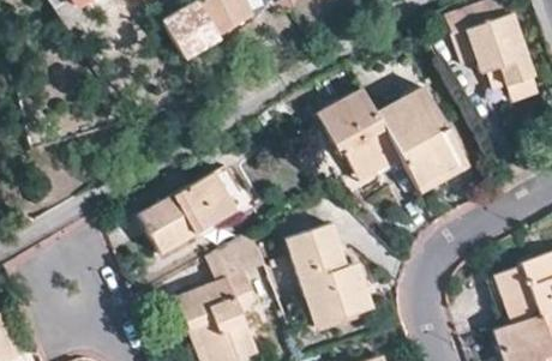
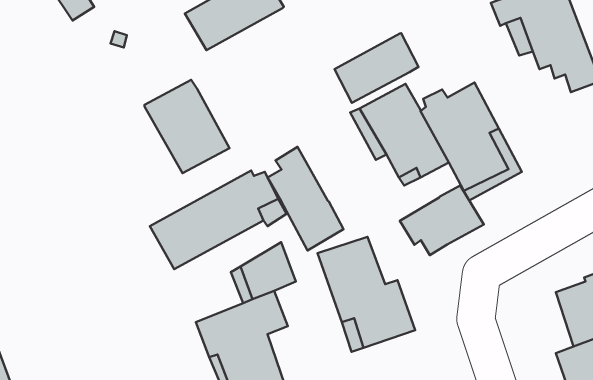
building: none -> [335,33,418,103]
building: none -> [144,80,230,173]
building: none -> [268,147,344,251]
building: none -> [400,185,484,255]

